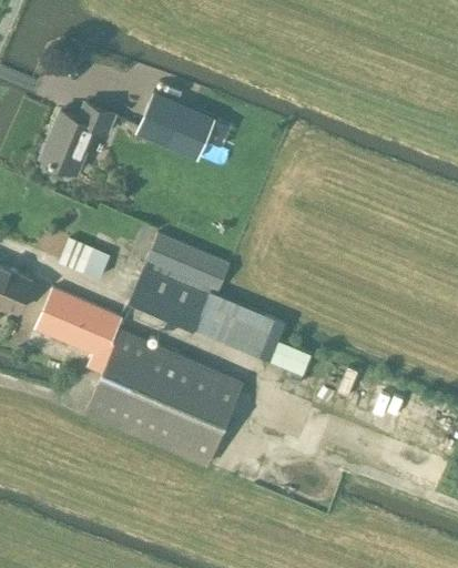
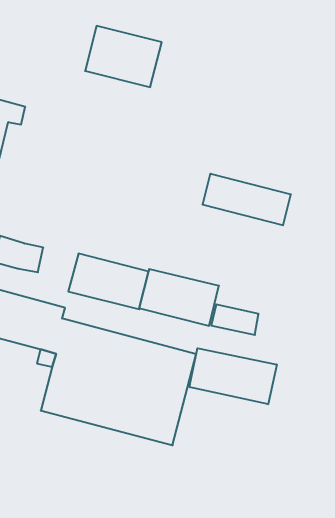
building: [138,93,216,161] -> [85,26,162,87]
building: [144,233,232,294] -> [202,174,291,225]
building: none -> [190,348,277,404]

